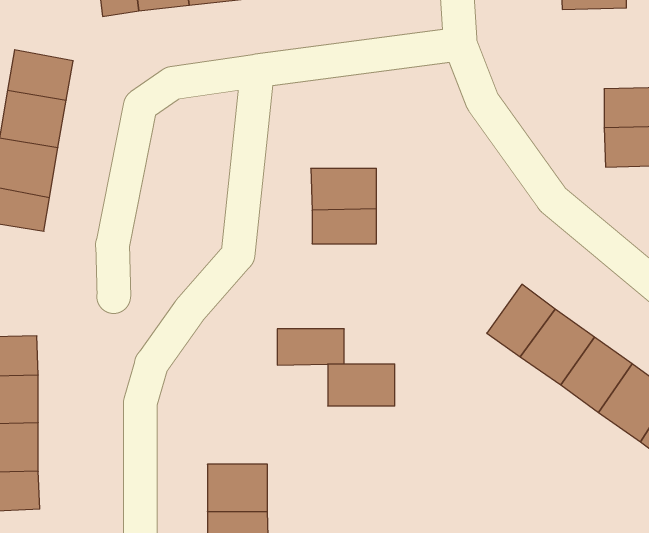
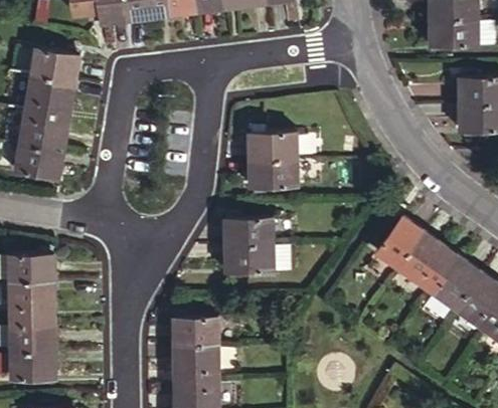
building: none -> [430,18,477,47]
building: [328,364,395,406] -> [224,219,273,249]
building: none -> [174,318,217,347]

